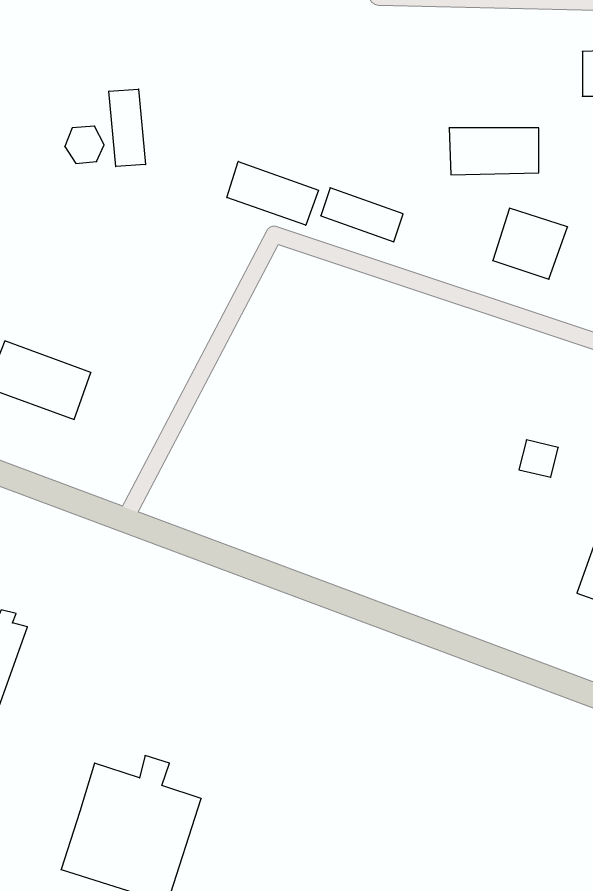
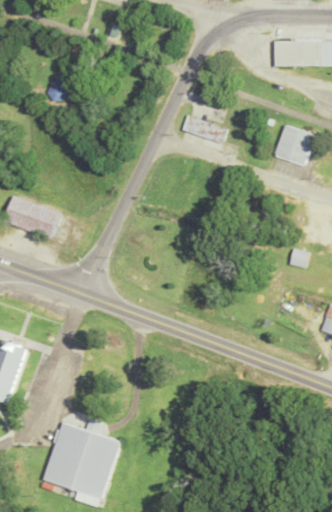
building: [109,89,146,167] -> none
building: [449,128,539,175] -> [275,41,323,66]
building: [227,161,318,225] -> none

